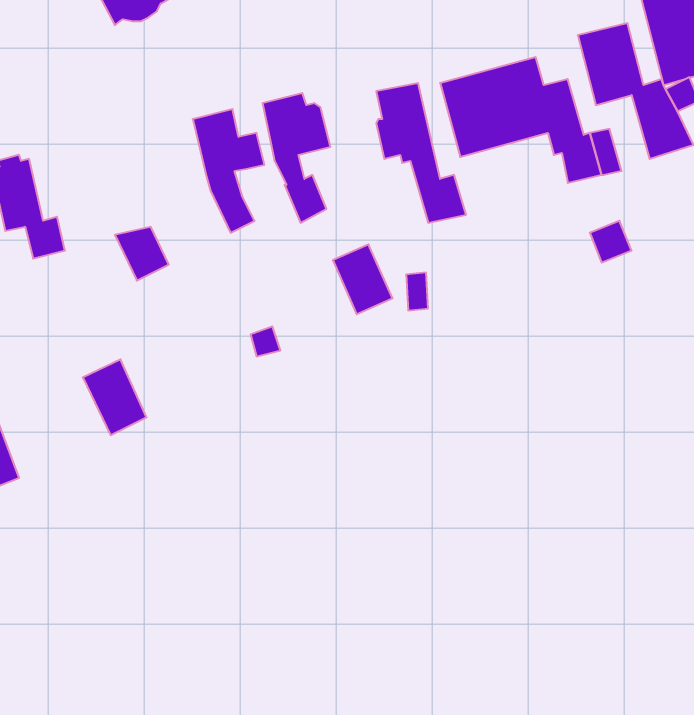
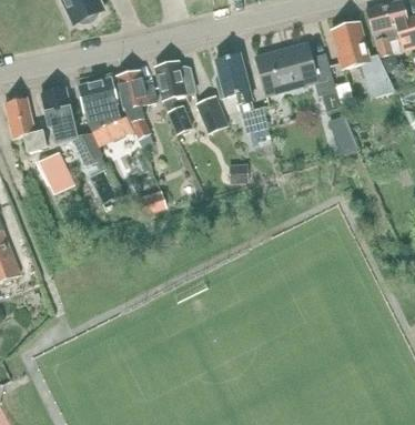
building: none -> [78,77,120,132]
building: none -> [41,89,75,142]
building: [333,244,393,314] -> [195,94,229,133]
building: [83,359,147,435] -> [39,151,74,193]

